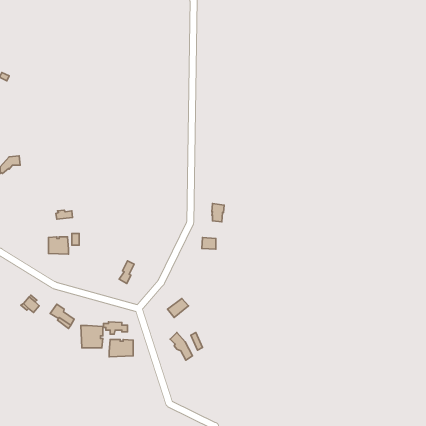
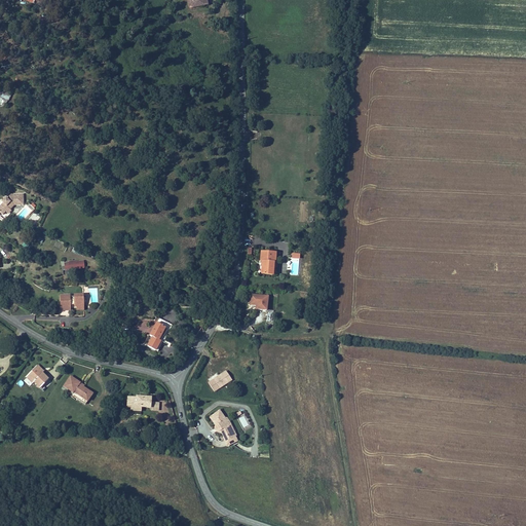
building: [81,325,103,348] -> none
building: [109,339,133,357] -> none

